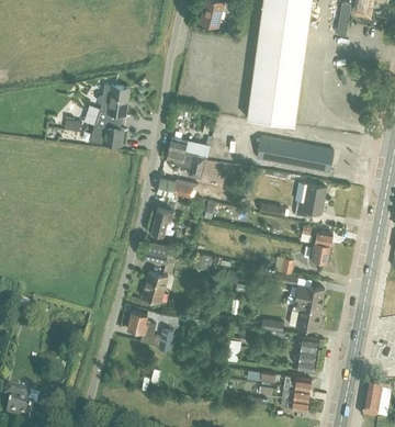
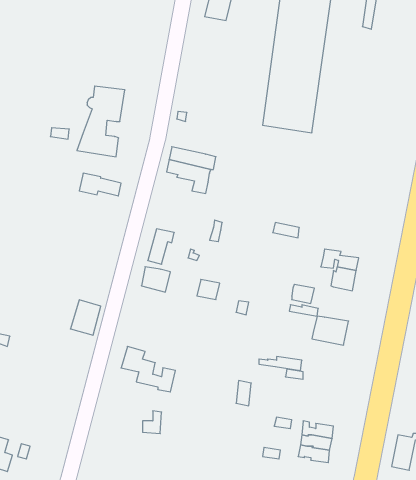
building: [257,135,334,170] -> none
building: [157,177,193,196] -> [79,173,121,196]
building: [295,182,326,217] -> none
building: [142,270,168,301] -> [70,300,101,335]
building: [290,303,320,329] -> none
building: [297,336,318,370] -> none

